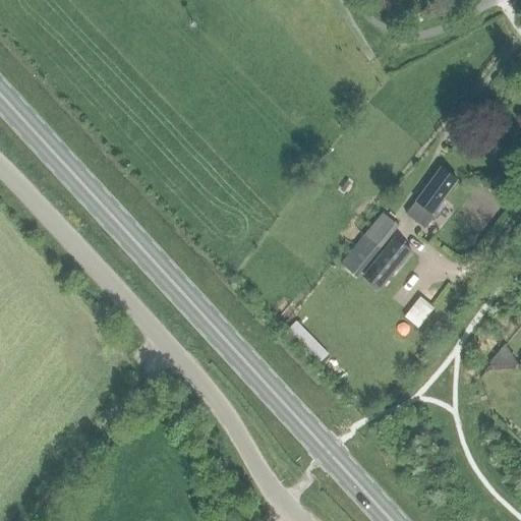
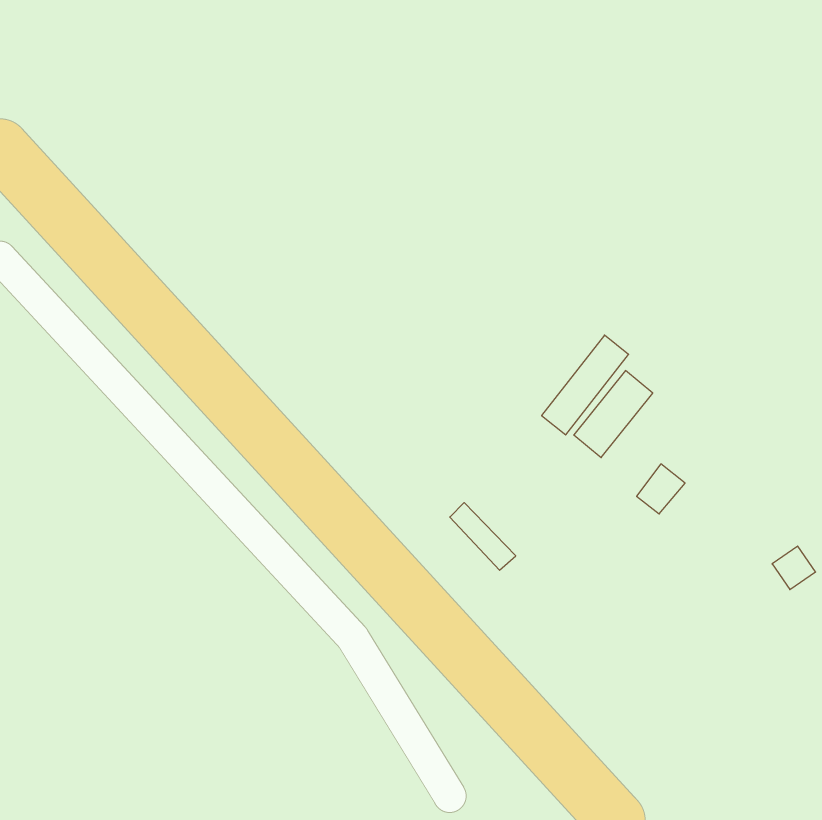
building: [407,168,457,228] -> none

